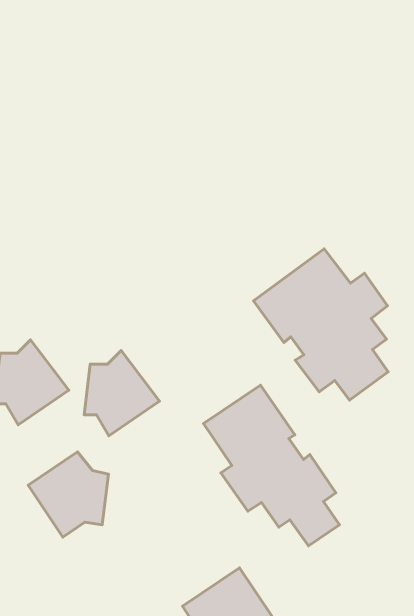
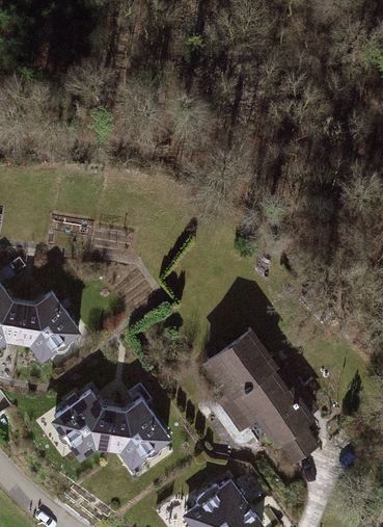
building: [253,249,388,400] -> none
building: [84,351,159,436] -> [114,393,177,465]

